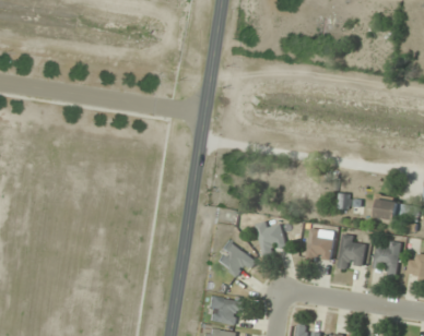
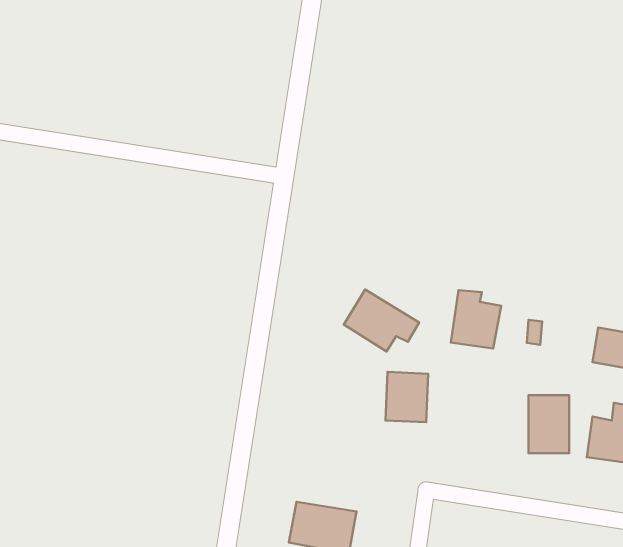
building: [306,228,334,261] -> [451,290,501,348]
building: [213,240,256,275] -> [344,290,419,352]

